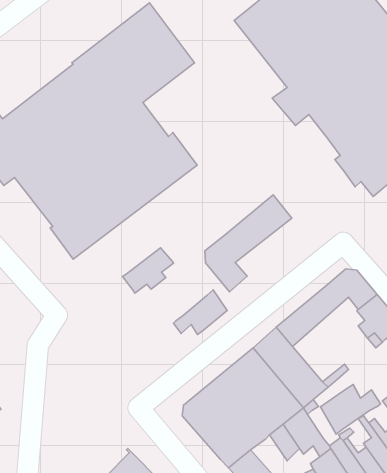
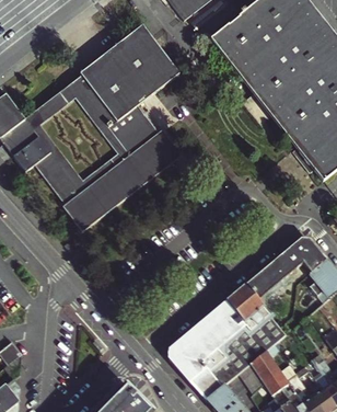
building: [205,195,292,292] -> none
building: [122,248,174,293] -> none
building: [174,290,227,335] -> none
building: [320,385,380,434] -> none

